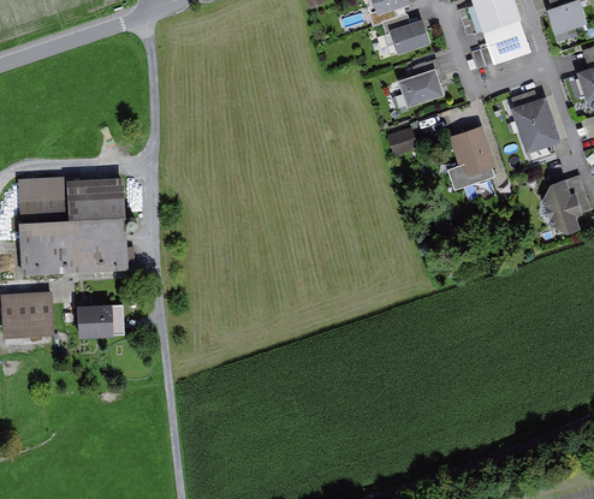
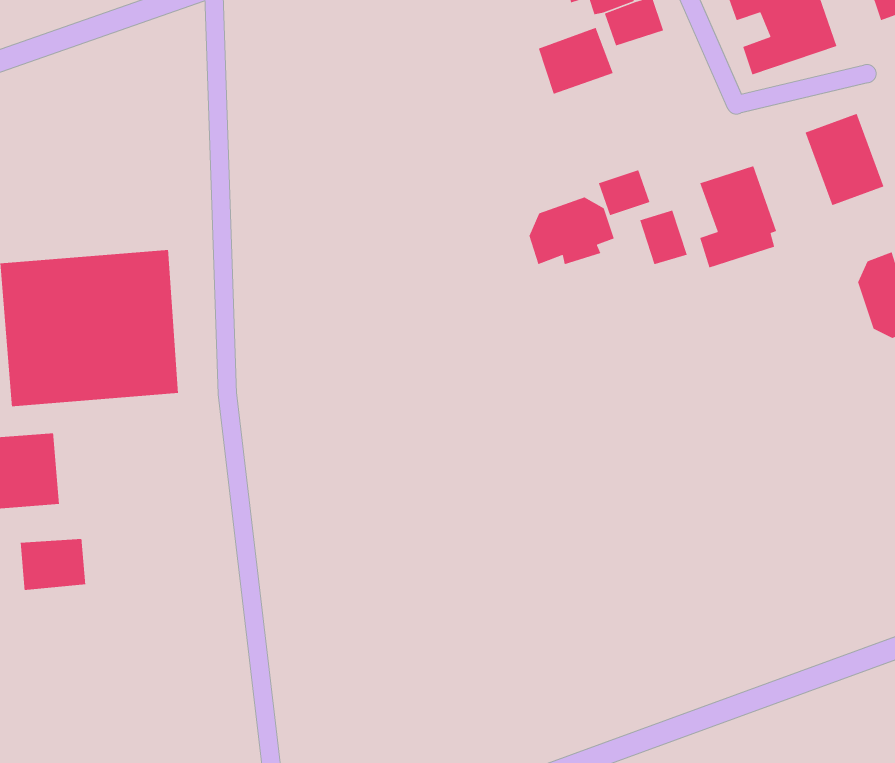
building: [397,67,444,109] -> [538,27,614,95]
building: none -> [529,196,615,265]
building: none -> [639,209,688,265]
building: [77,305,118,338] -> [20,538,86,591]

